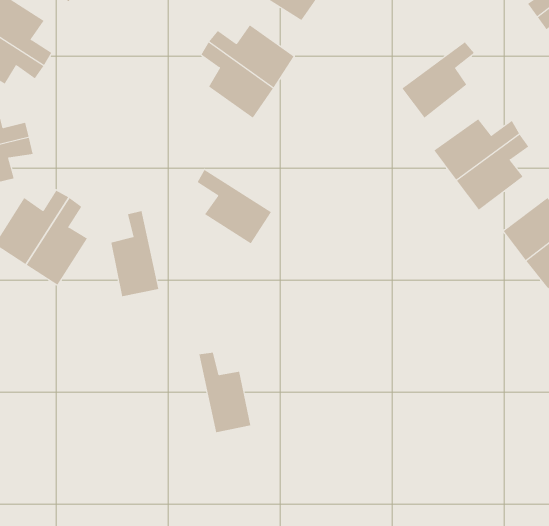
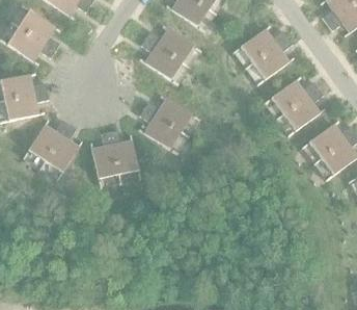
building: none -> [240,29,287,63]
building: none -> [143,98,192,132]
building: [199,352,251,433] -> [109,130,138,175]

